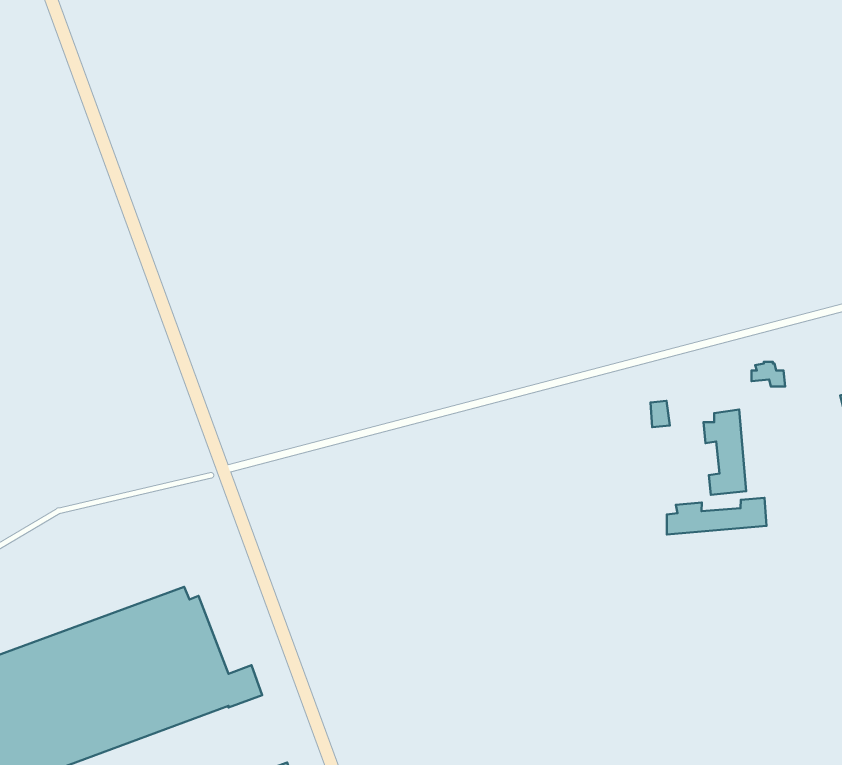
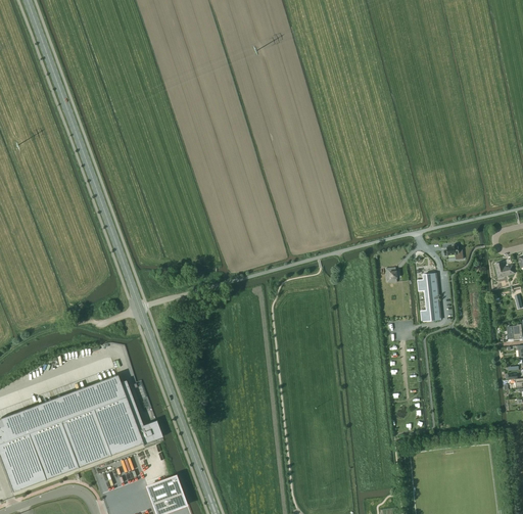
building: [667,498,766,535] -> none

